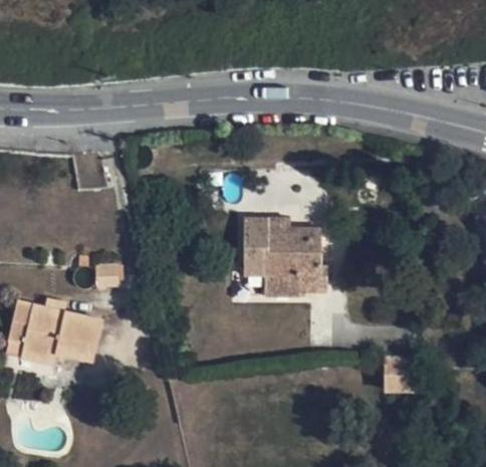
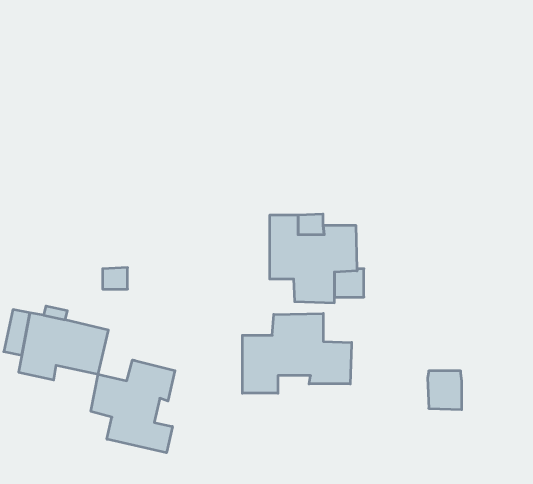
building: none -> [242,313,352,393]
building: none -> [91,360,175,453]

